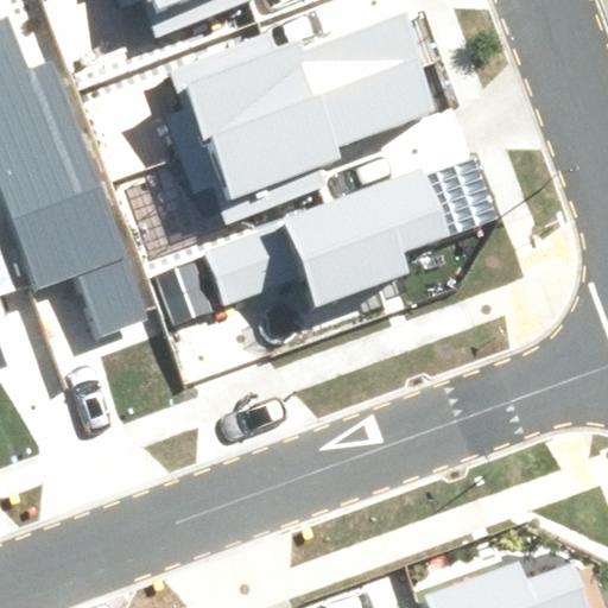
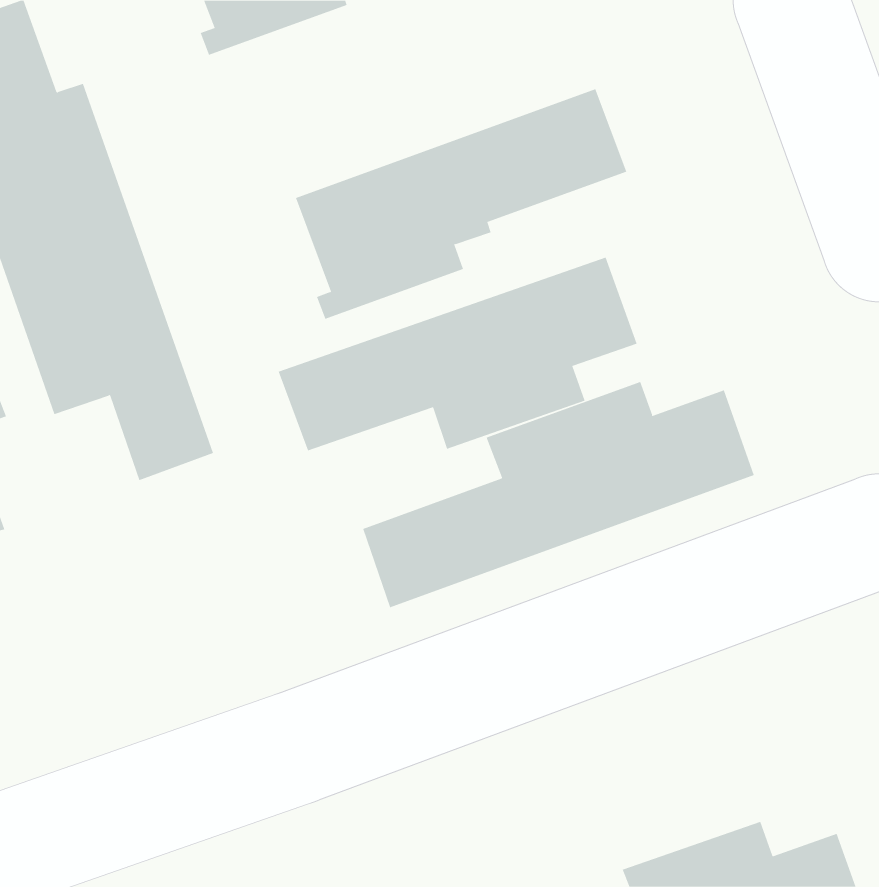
building: [164,15,407,135] -> none
building: none -> [363,381,755,608]

